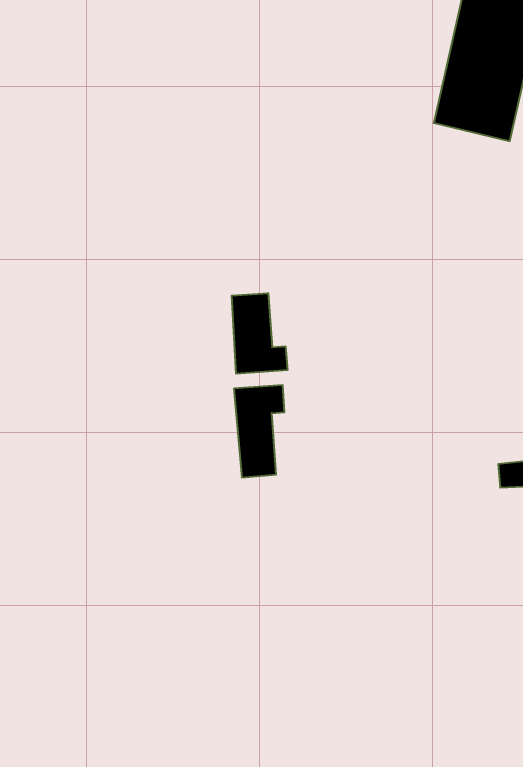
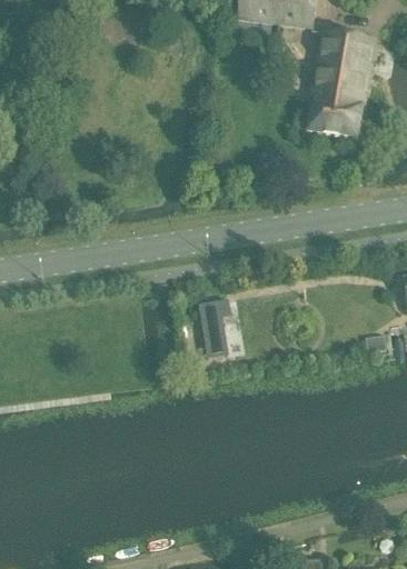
building: [232,293,288,374] -> none

